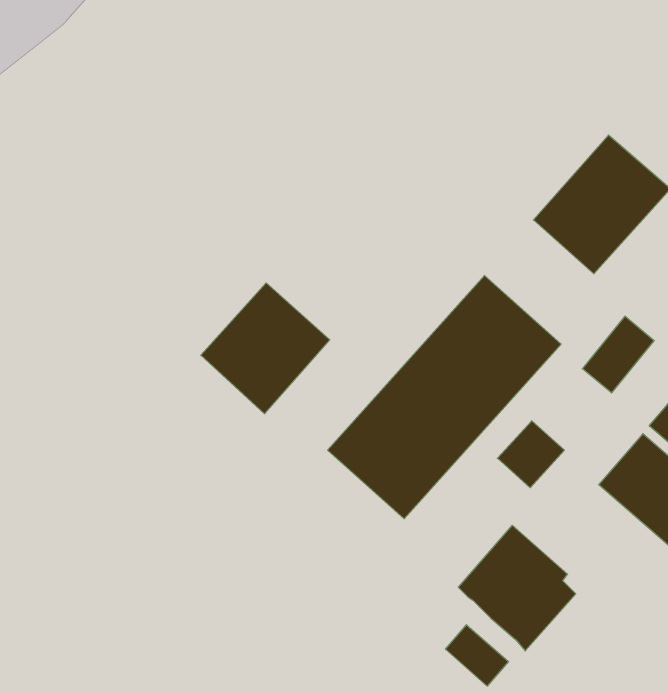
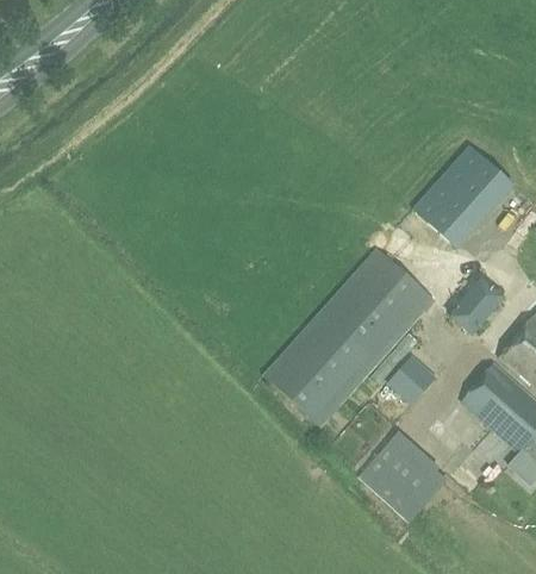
building: [201,283,330,414] -> none
building: [446,625,508,686] -> none

